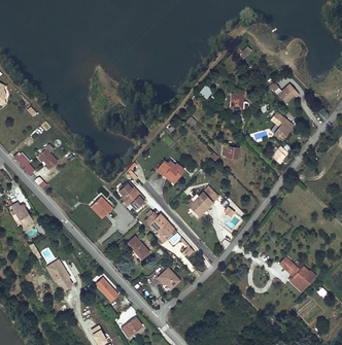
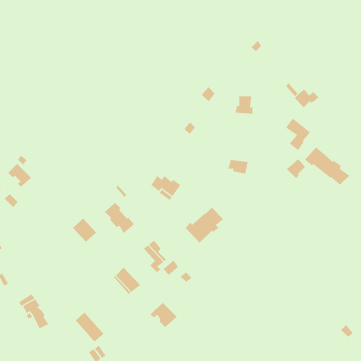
building: none -> [304,147,350,186]
building: [277,252,314,288] -> none

